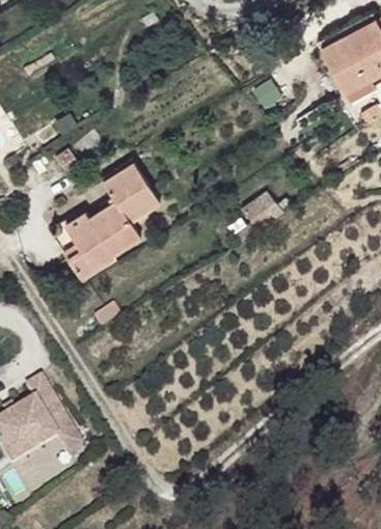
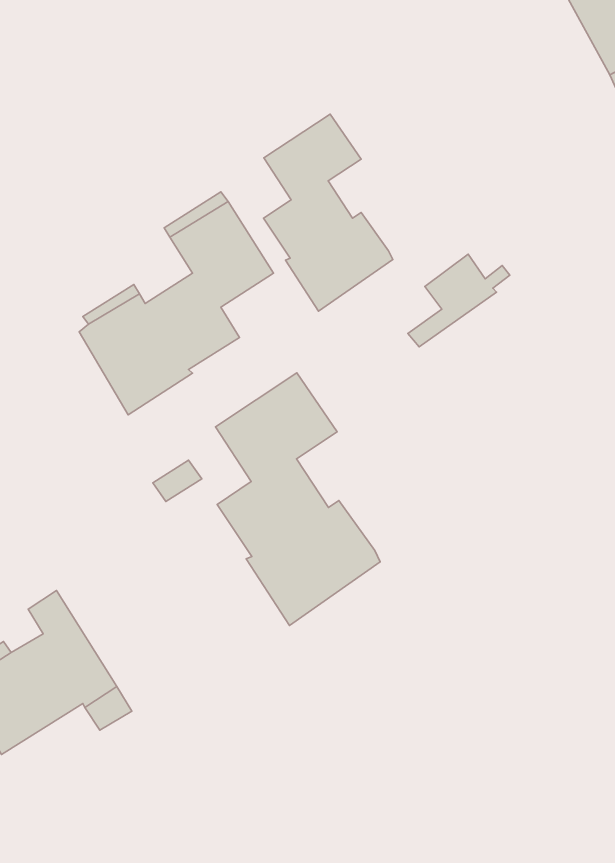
building: none -> [263,114,393,311]
building: none -> [215,373,380,626]

